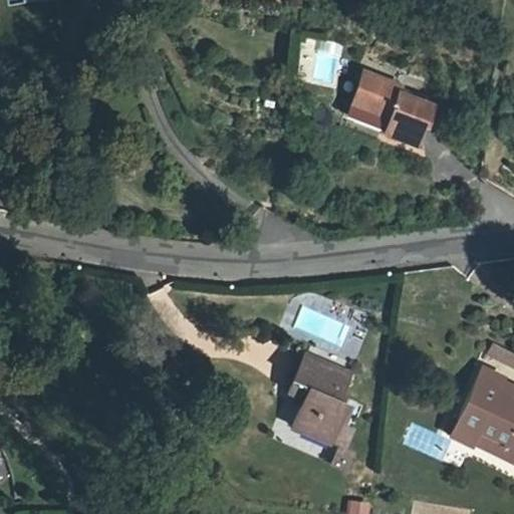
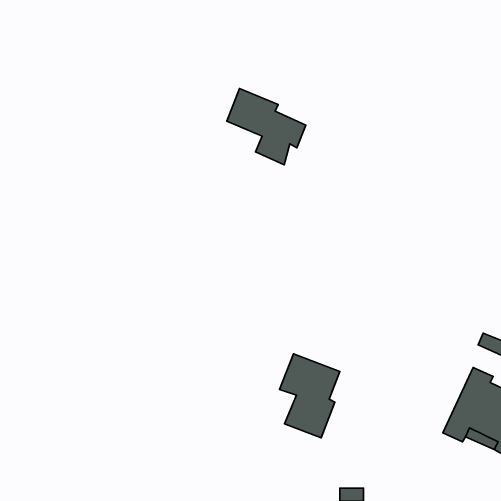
building: [351,69,432,147] -> [227,89,306,165]

